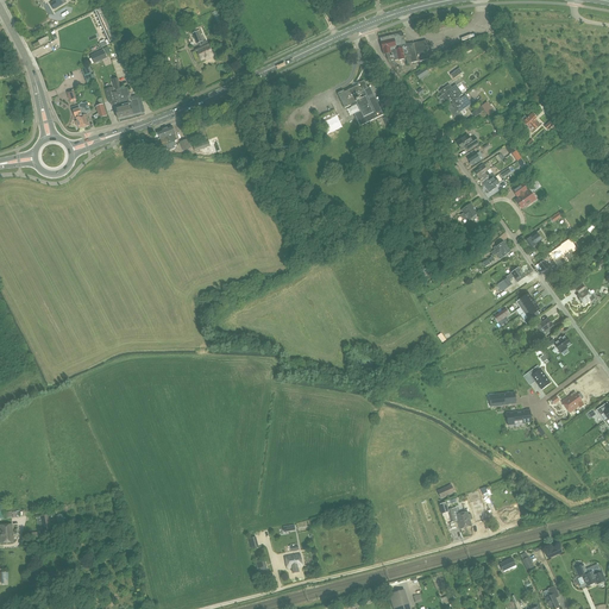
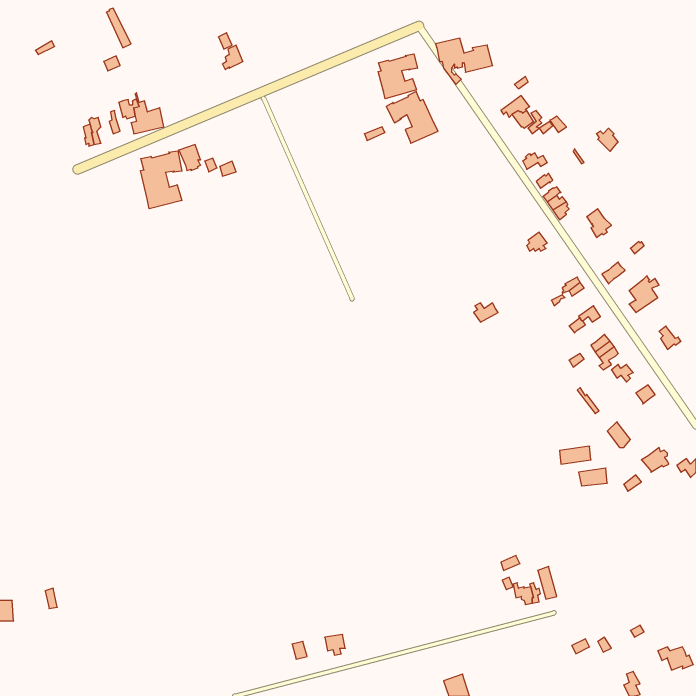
building: none -> [378,54,417,99]
building: none -> [141,151,182,209]

